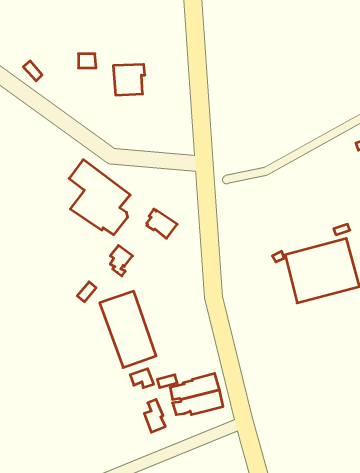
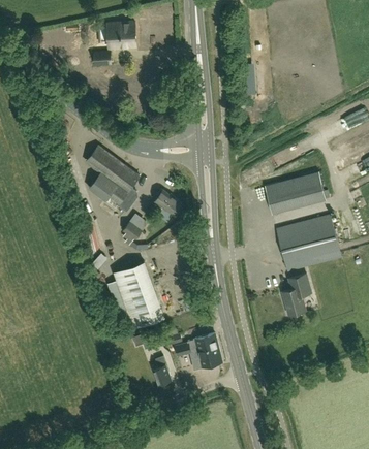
building: [113,64,145,95] -> [106,22,134,49]
building: none -> [265,171,326,213]
building: none -> [281,275,311,315]

